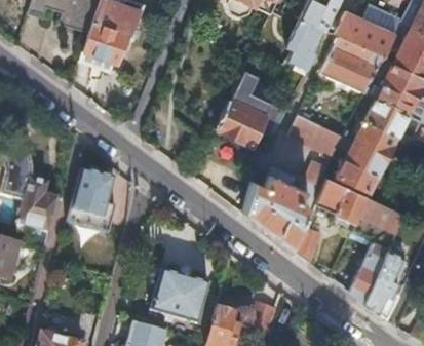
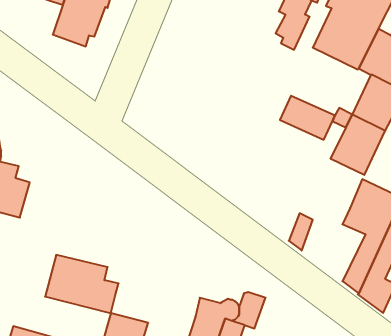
building: [217,69,287,144] -> none
building: [245,161,327,247] -> none
building: [71,168,113,210] -> none
building: [318,178,369,222] -> none
building: [151,269,220,323] -> [45,255,119,313]

